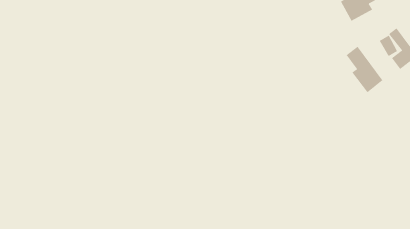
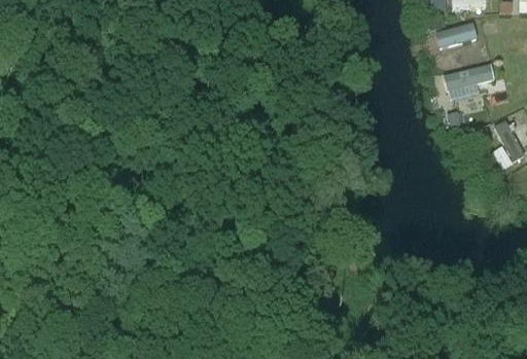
building: [346,46,383,93] -> none

